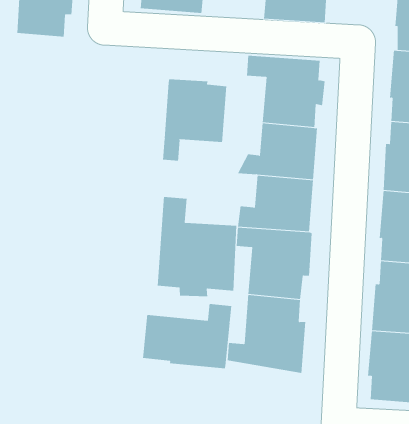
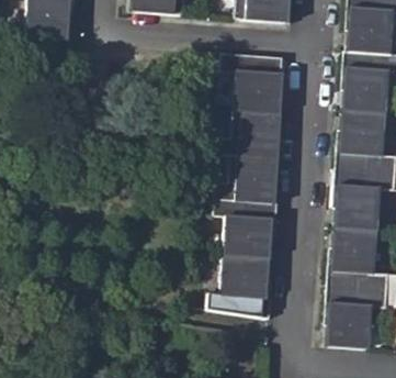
building: [163,78,227,162] -> none
building: [157,196,237,297] -> none
building: [143,303,232,369] -> none

